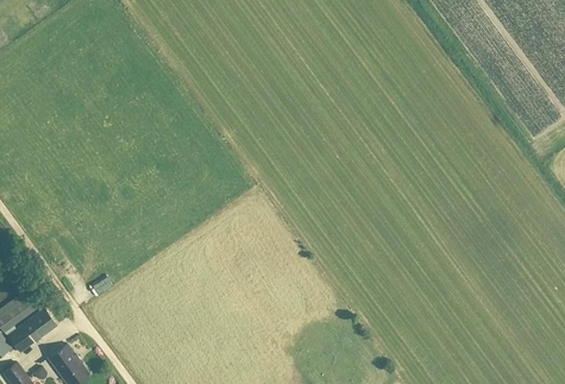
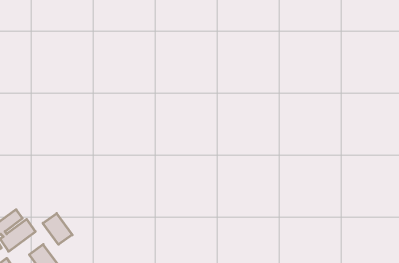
building: none -> [43,213,72,244]

